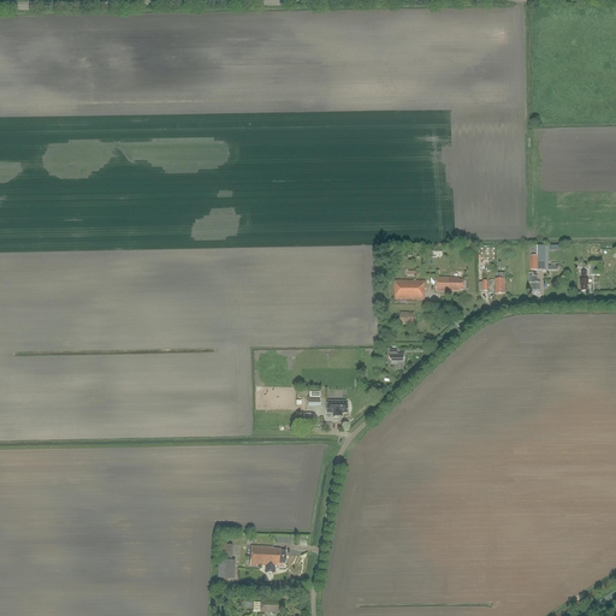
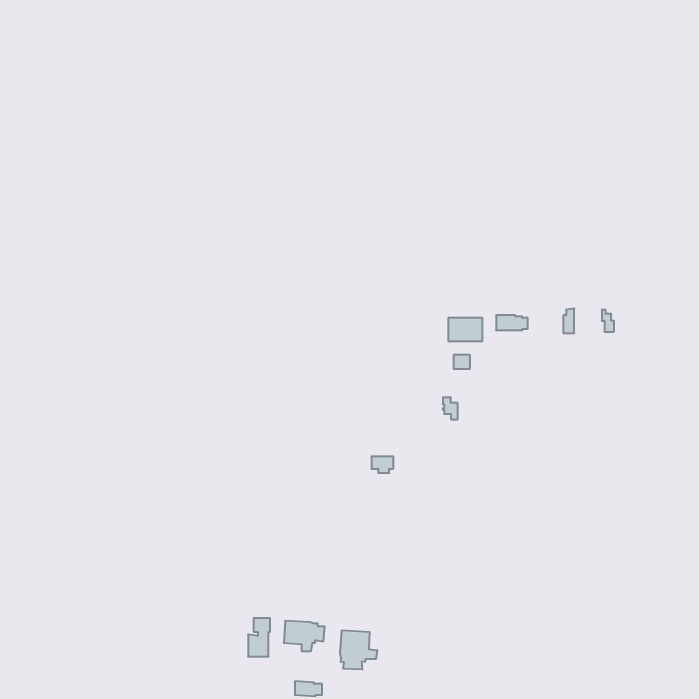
building: none -> [340,630,377,670]

